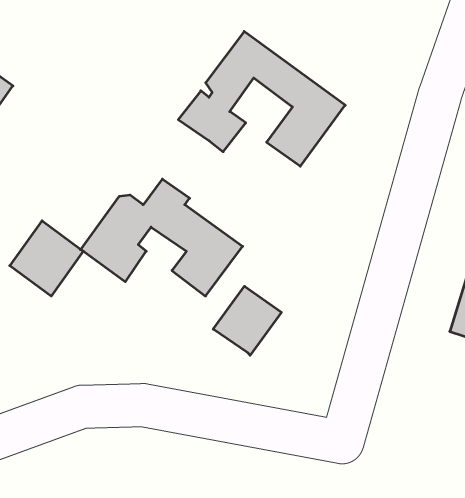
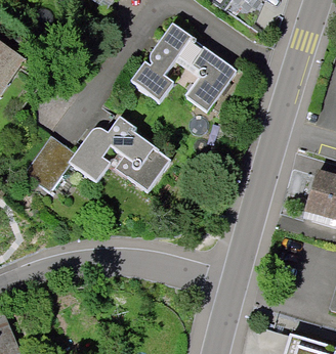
building: [213,286,281,355] -> none

